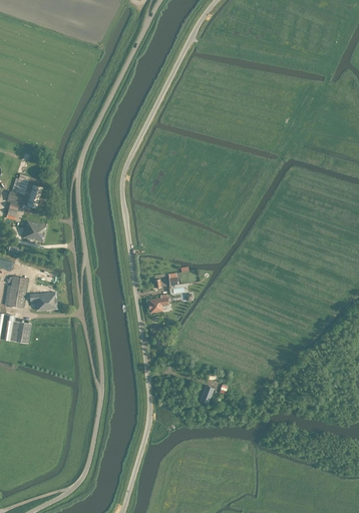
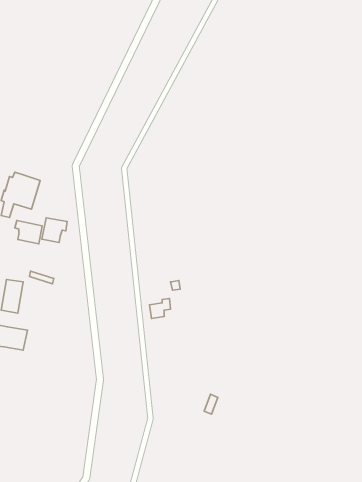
building: none -> [42,218,67,243]
building: [29,292,56,310] -> none

